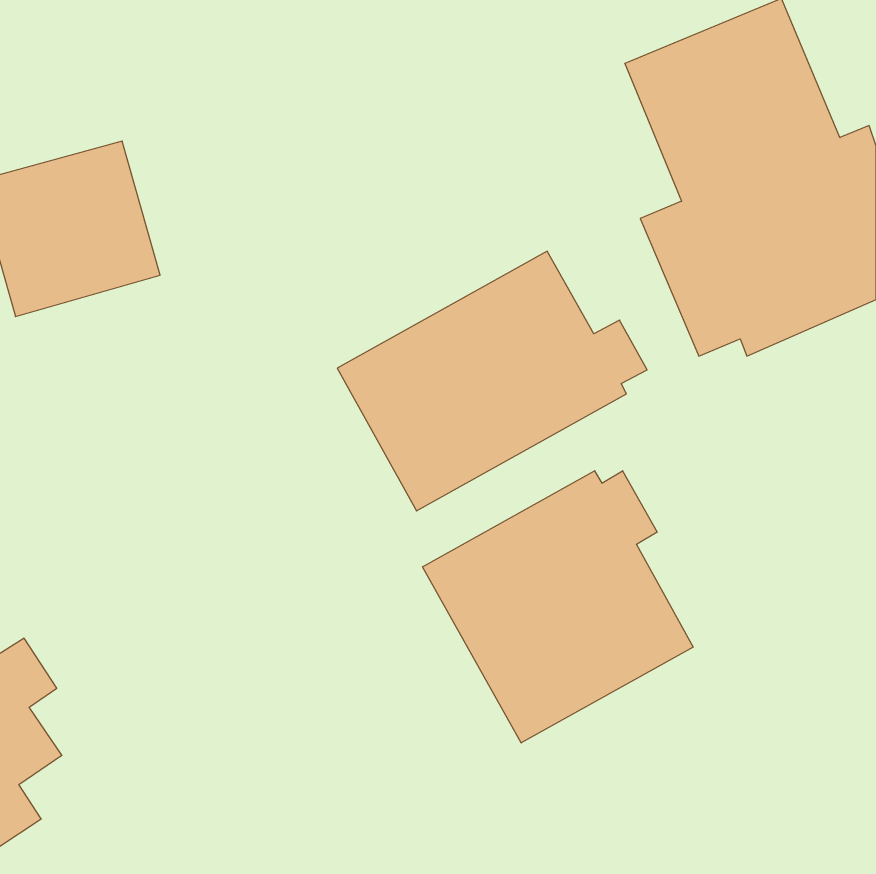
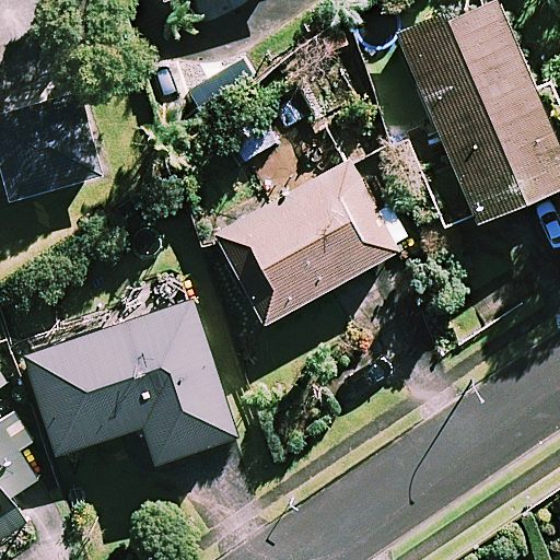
building: none -> [25,299,236,464]
building: [423,471,693,743] -> none

